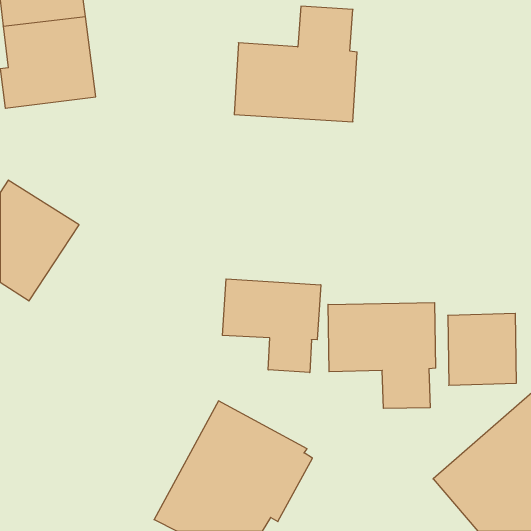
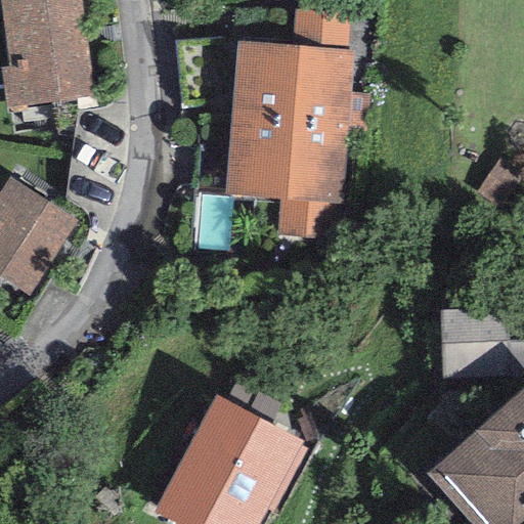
building: none -> [226,113,348,239]
building: [222,279,321,373] -> none
building: [328,303,436,408] -> none

